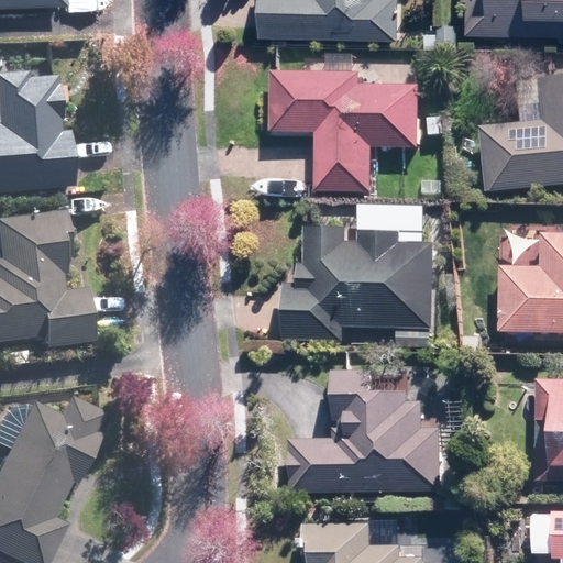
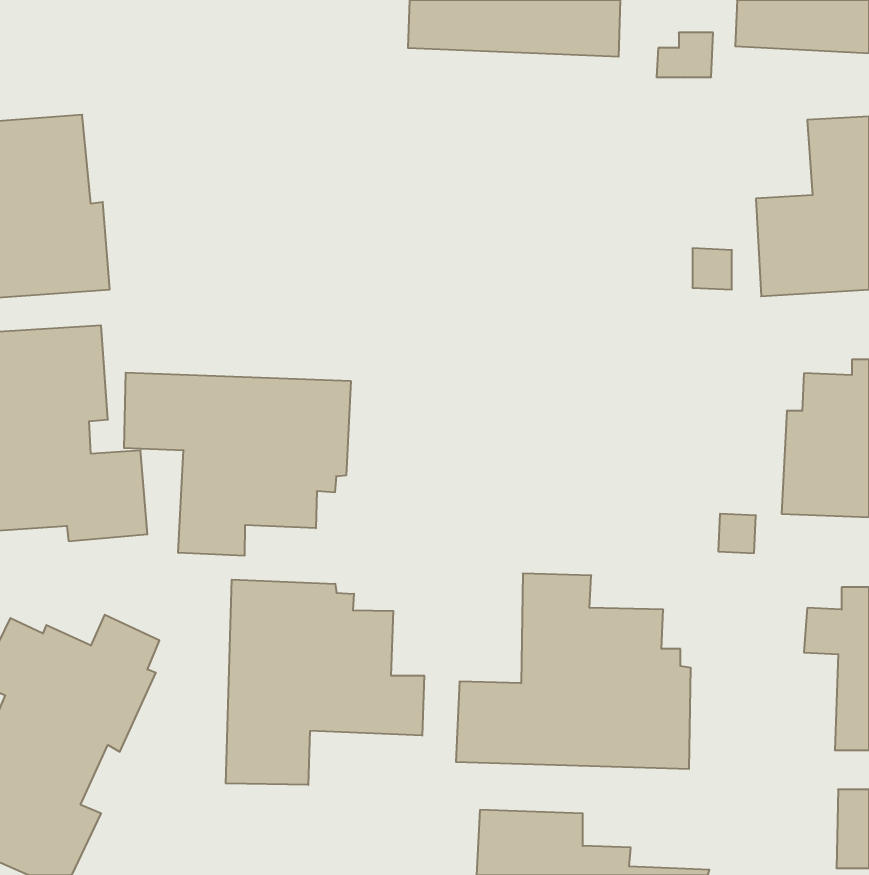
building: [272,68,419,194] -> none
building: [285,205,435,345] -> none
building: none -> [124,373,351,556]
building: none -> [226,580,424,785]

